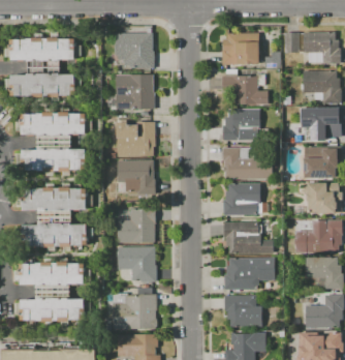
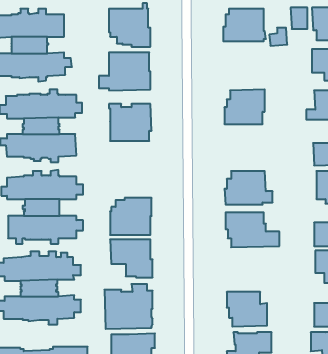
building: [223,69,269,104] -> none
building: [223,148,273,180] -> none
building: [118,161,156,196] -> none
building: [224,258,275,292] -> none

